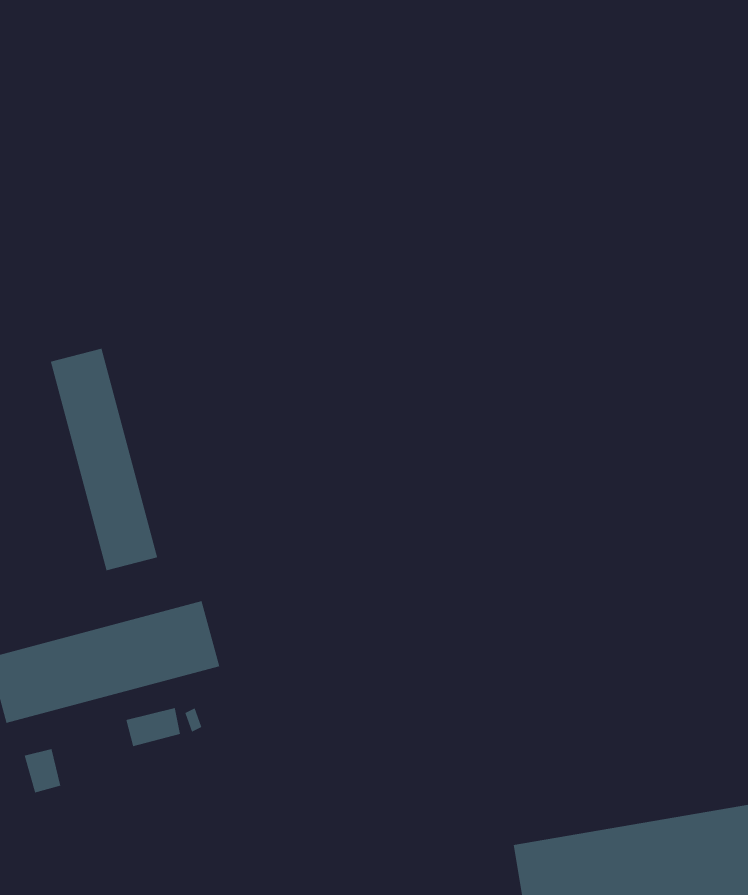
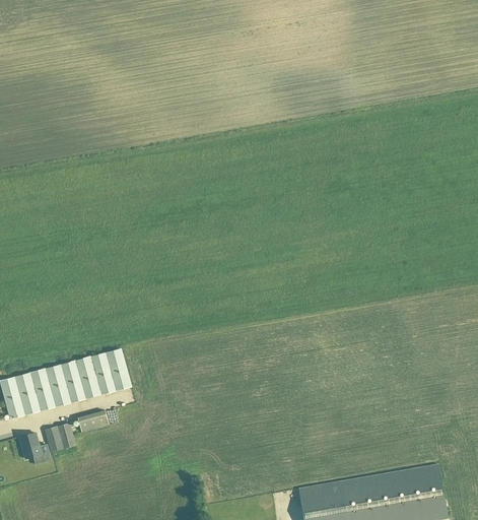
building: [50,348,158,571] -> none
building: none -> [45,424,75,452]

